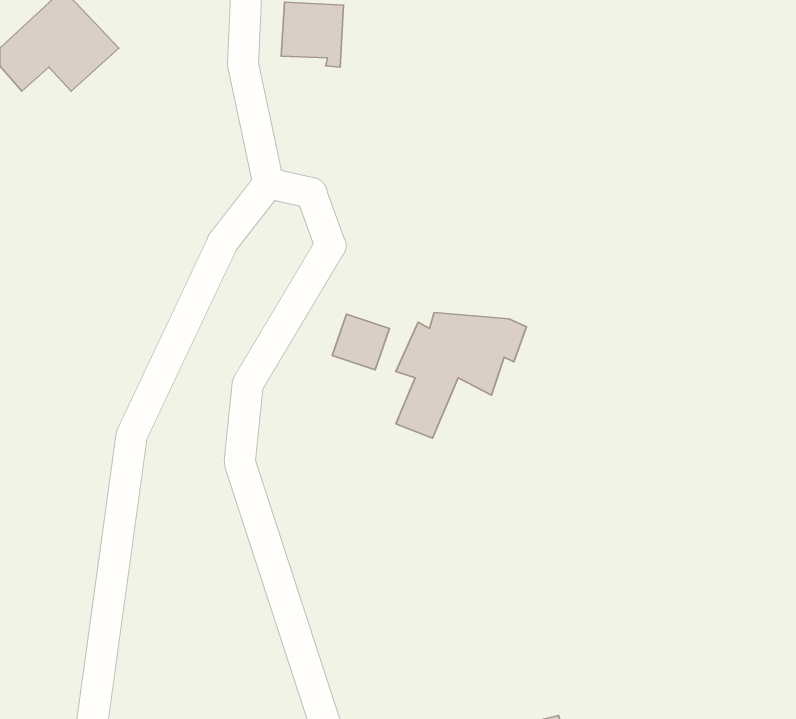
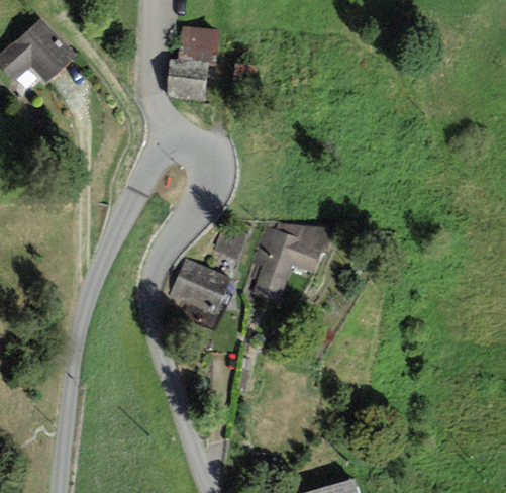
building: none -> [167,61,208,101]
building: none -> [170,259,230,313]

